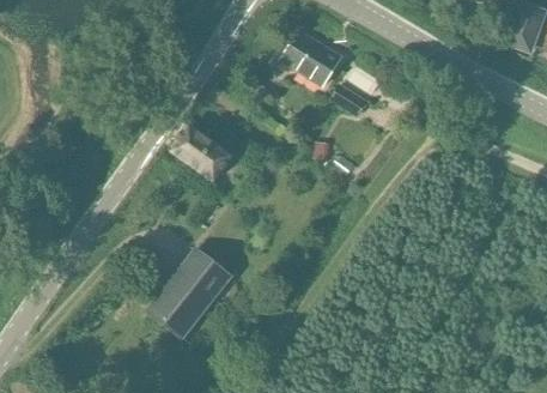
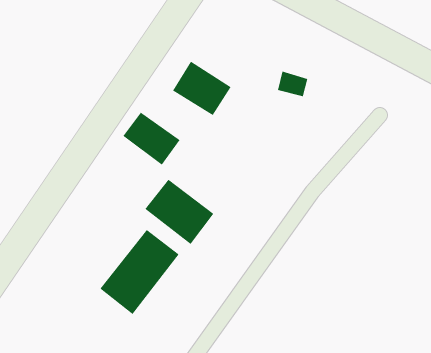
building: [279,30,341,87] -> [172,61,232,116]
building: none -> [145,179,214,245]

